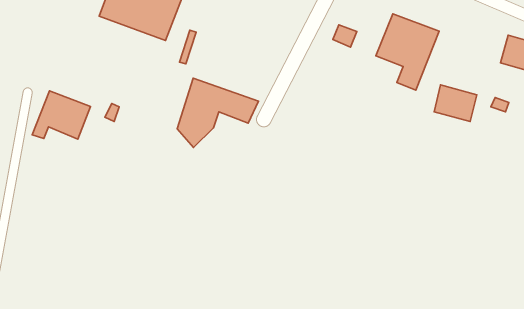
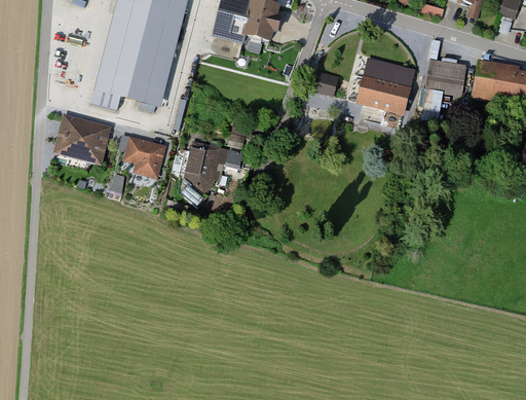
building: none -> [124,137,163,176]
building: [434,85,477,121] -> [426,61,464,92]
building: [32,91,90,139] -> [54,118,106,163]

